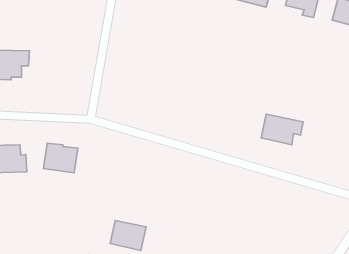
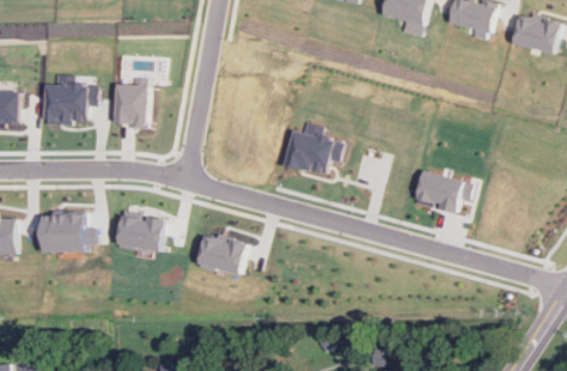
building: none -> [114,83,147,126]
building: none -> [283,128,341,174]
building: [110,221,146,250] -> [196,232,245,273]

